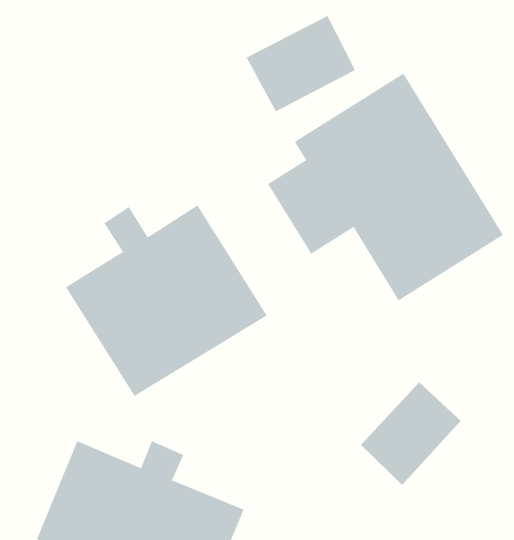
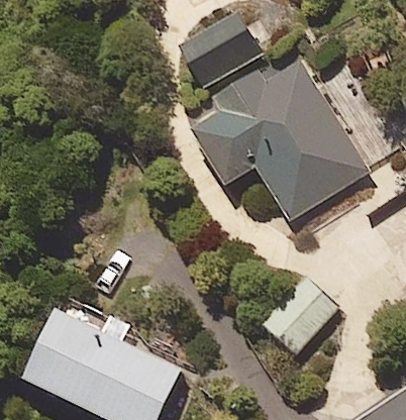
building: [65,204,267,397] -> none

